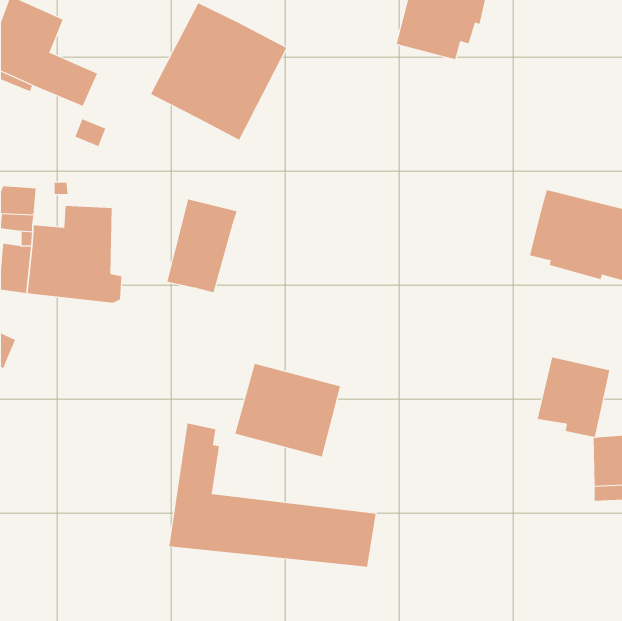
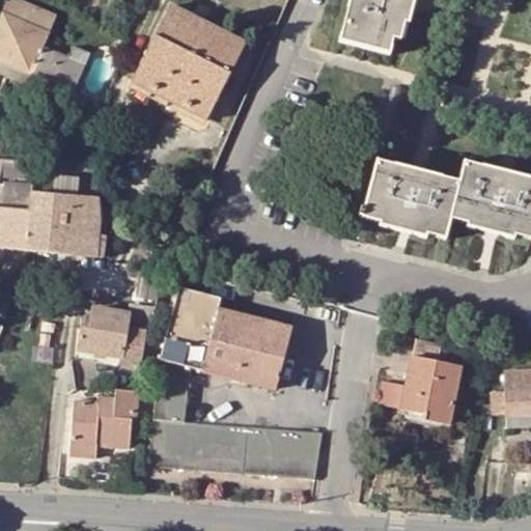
building: none -> [363,159,460,236]
building: [167,199,238,293] -> [161,288,221,368]
building: [537,357,610,437] -> [400,355,463,423]
building: none -> [78,303,156,365]
building: none -> [71,387,139,456]

